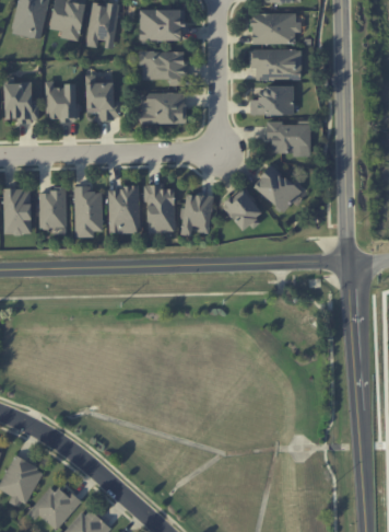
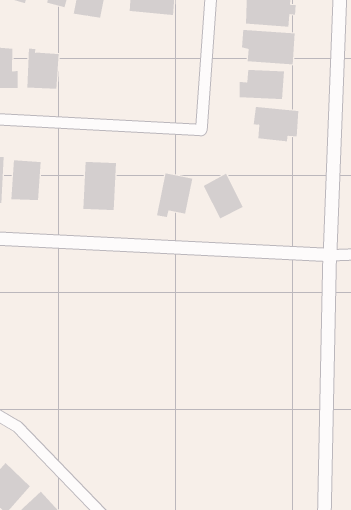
building: [140,51,186,85] -> none
building: [86,74,121,119] -> none
building: [142,92,186,124] -> none
building: [252,165,302,212] -> none
building: [146,184,176,232] -> none
building: [74,185,103,236] -> none

